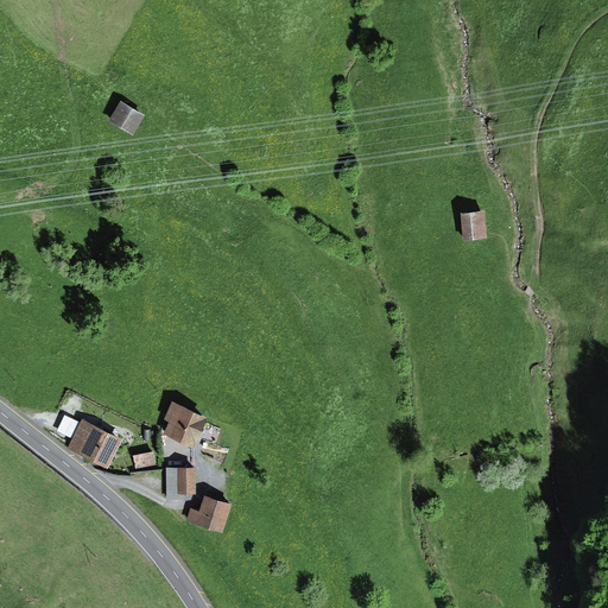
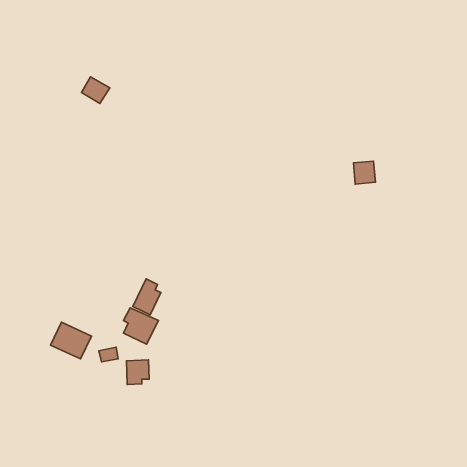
building: none -> [133,279,161,315]
building: [185,495,230,532] -> none

